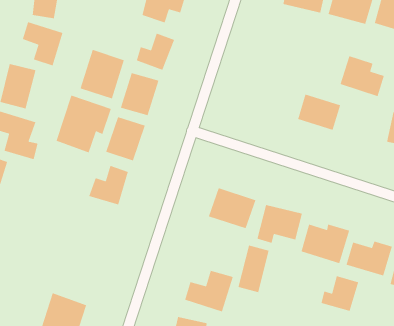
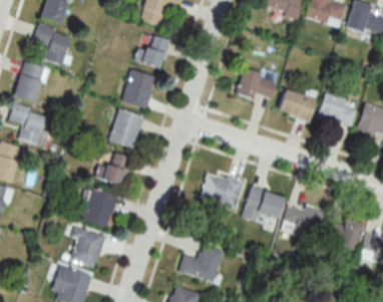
building: [80,49,125,100] -> none
building: [340,55,385,97] -> [317,92,357,129]
building: none -> [240,71,277,99]
building: [56,94,112,154] -> none
building: none -> [76,187,117,228]
building: [238,244,269,293] -> none
building: none -> [70,226,105,268]
building: [320,275,359,312] -> none

